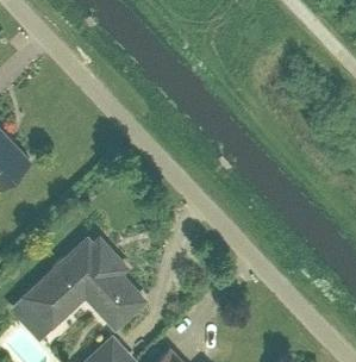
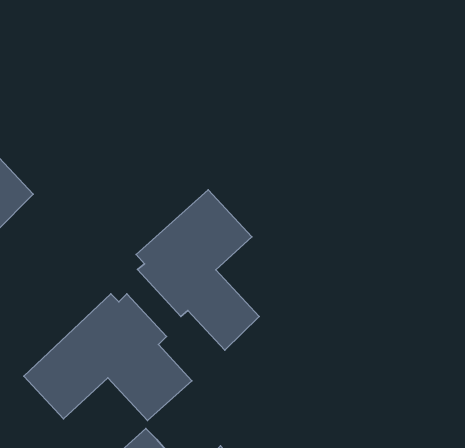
building: none -> [136,190,259,350]

